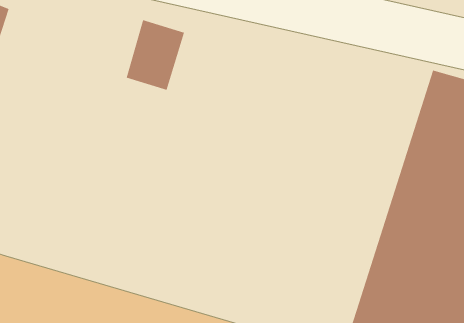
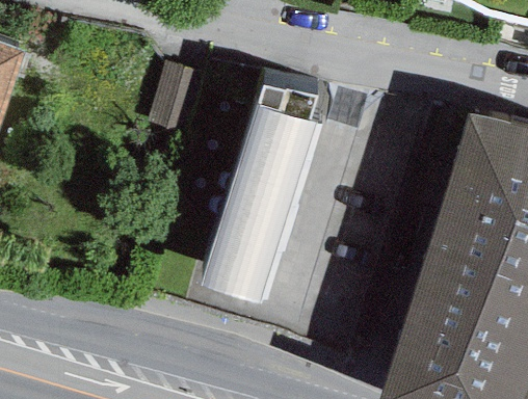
building: none -> [203,102,322,303]

